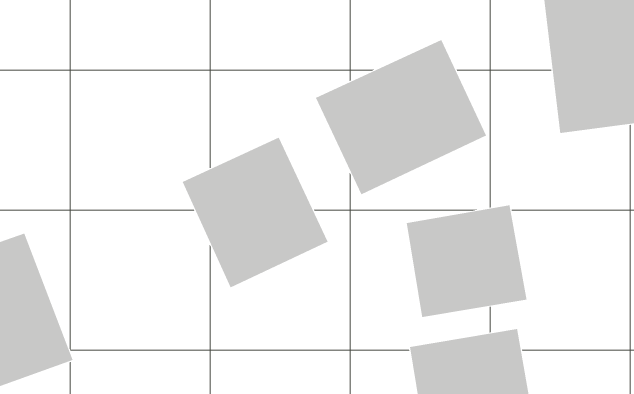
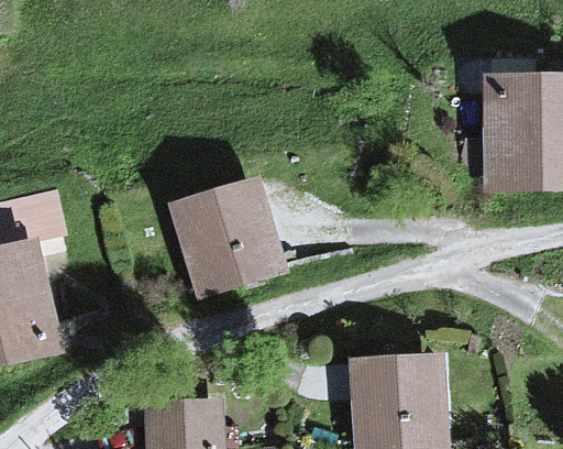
building: [315,39,487,195] -> none
building: [406,204,527,318] -> none

